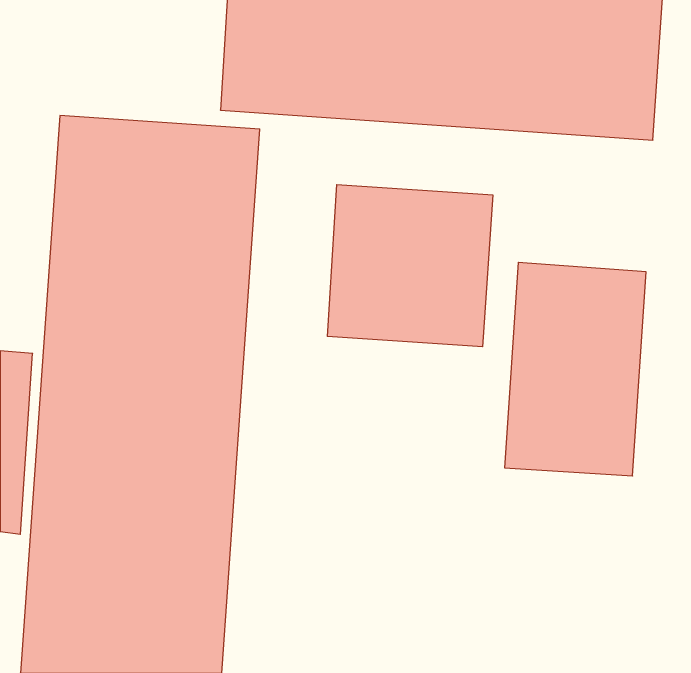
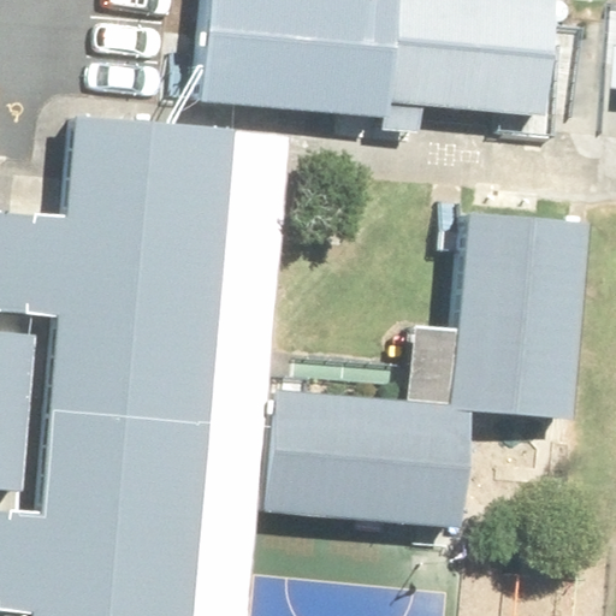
building: [327,185,493,347] -> none
building: none -> [266,408,486,547]

